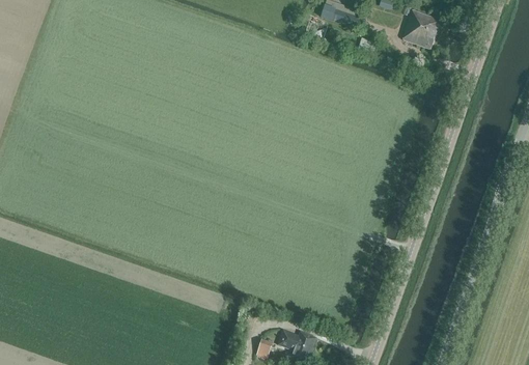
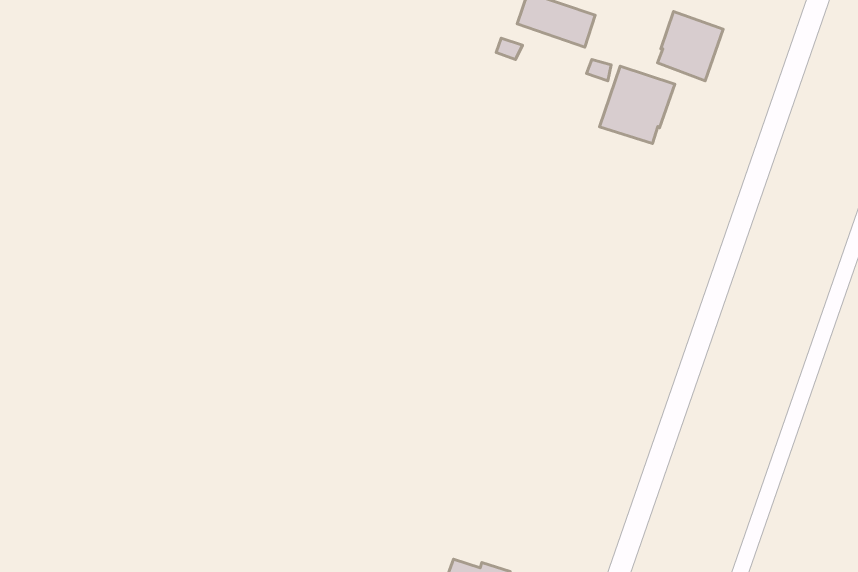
building: none -> [599,66,675,144]

